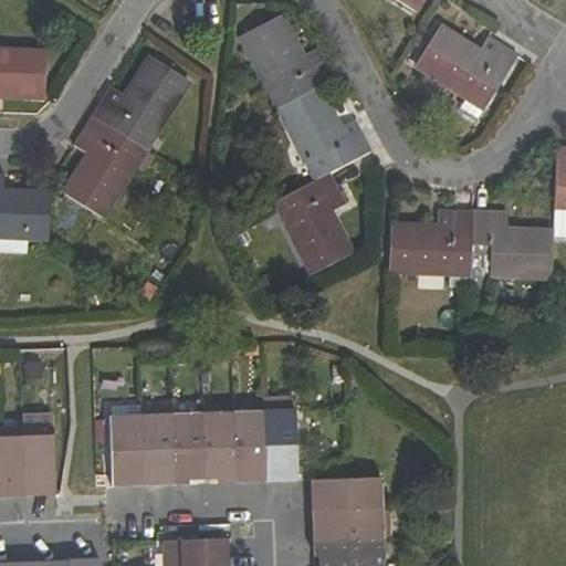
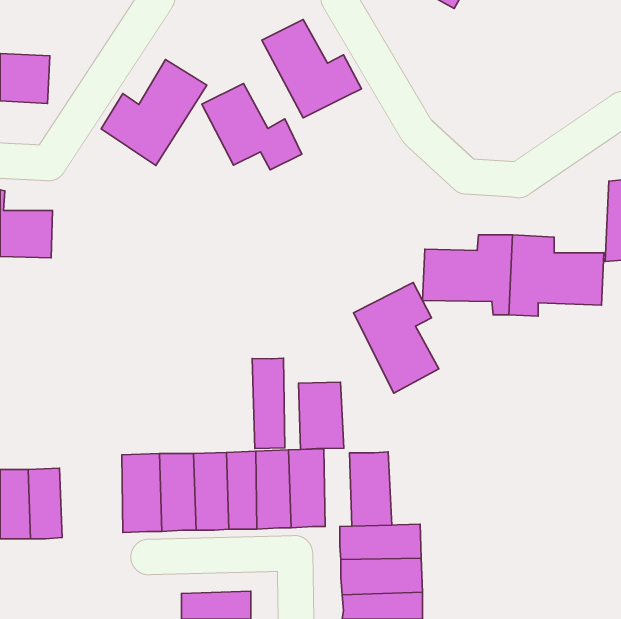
building: [415,28,515,117] -> none
building: [276,88,367,167] -> [202,84,302,170]
building: [64,117,143,216] -> none
building: [274,172,352,273] -> [354,282,439,393]
building: none -> [252,358,285,448]
building: none -> [298,382,344,450]
building: none -> [349,452,392,526]

